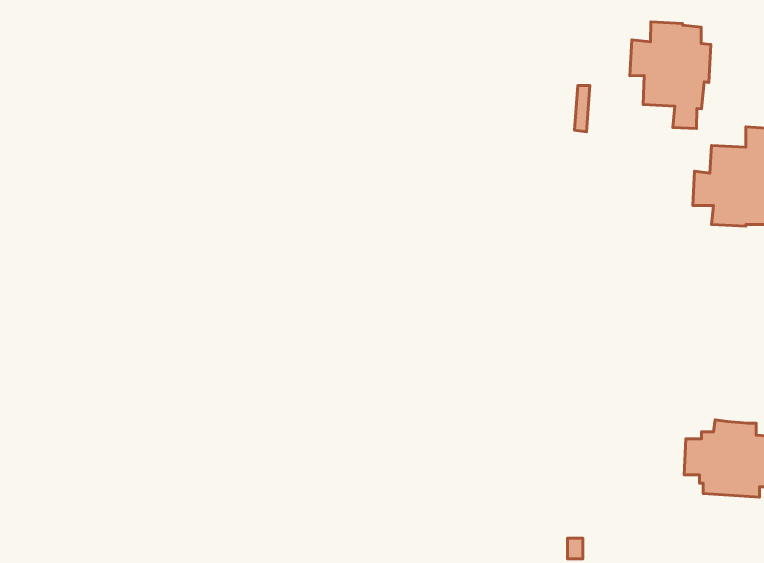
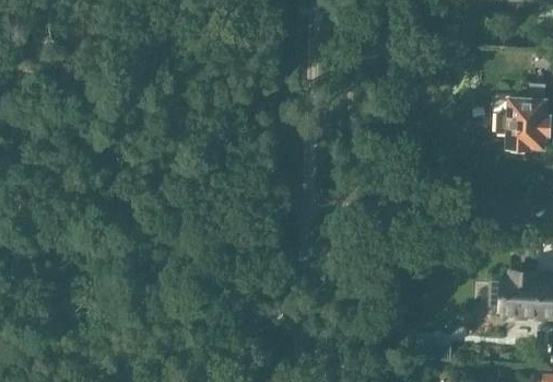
building: [630,22,711,128] -> none

